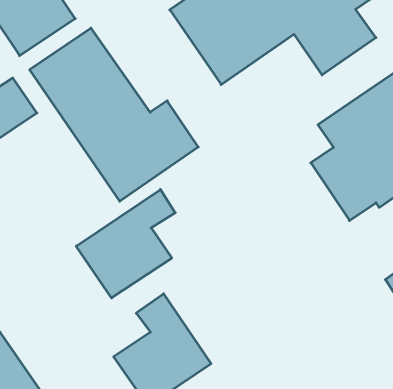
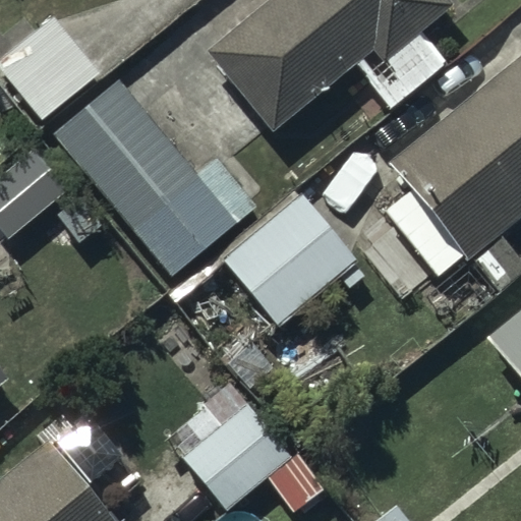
building: none -> [225,194,360,327]
building: [76,189,175,298] -> none

